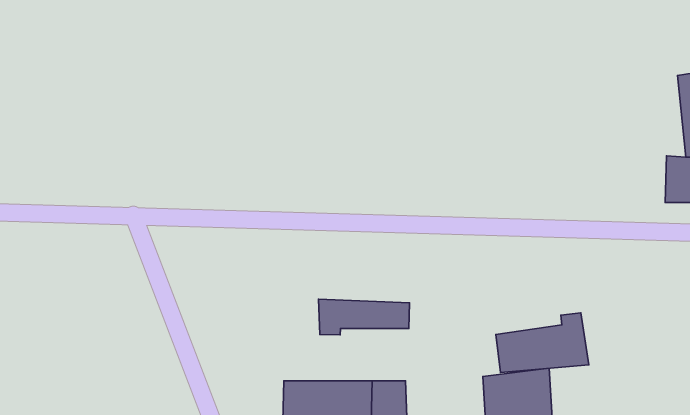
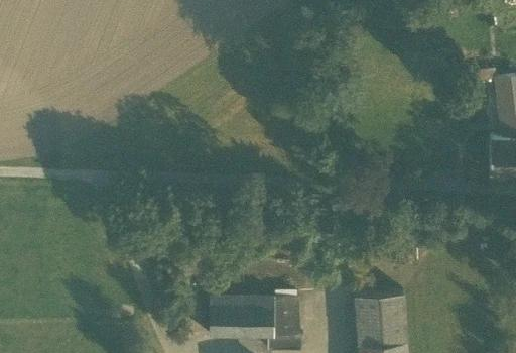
building: [319,299,409,335] -> none
building: [496,313,589,373] -> none

